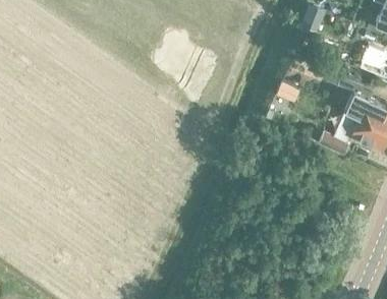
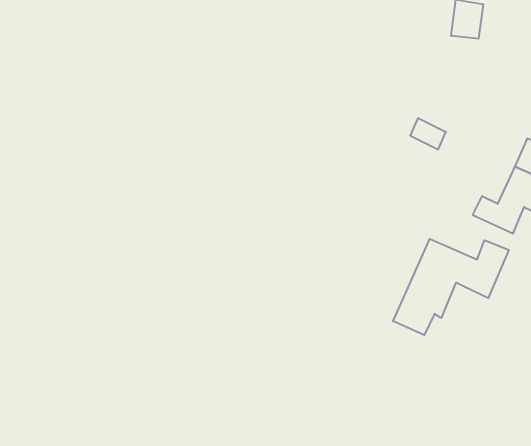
building: none -> [393,239,509,335]

